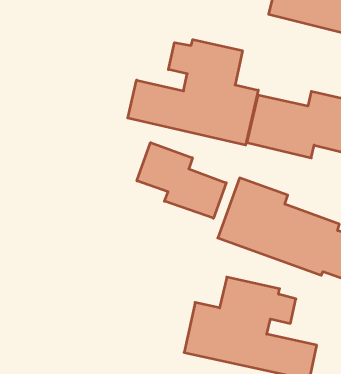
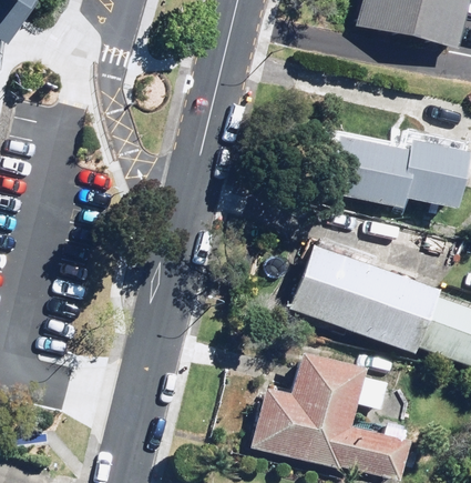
building: [128,40,258,145] -> none
building: [137,143,226,218] -> none

